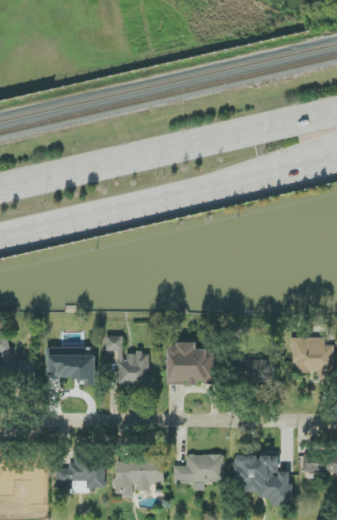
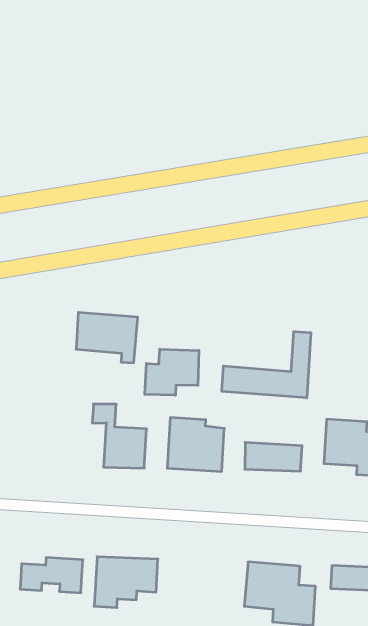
building: none -> [222,332,311,398]
building: none -> [145,349,199,395]
building: [47,347,94,385] -> [76,312,138,363]
building: [173,454,223,491] -> none

